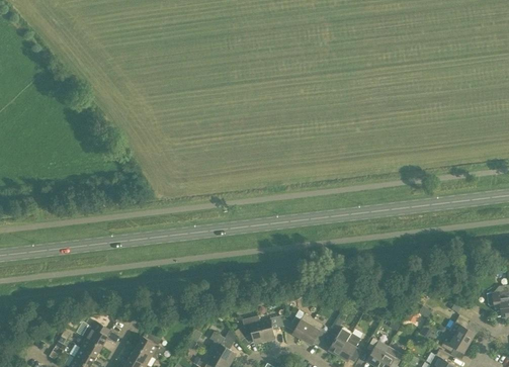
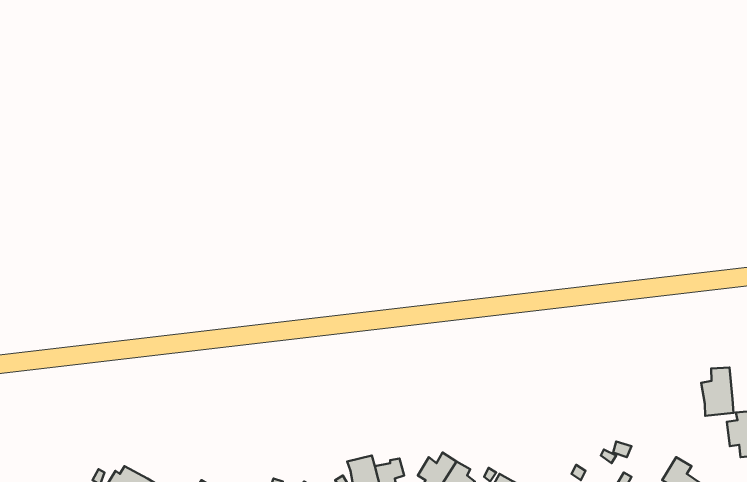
building: none -> [701,368,734,416]

